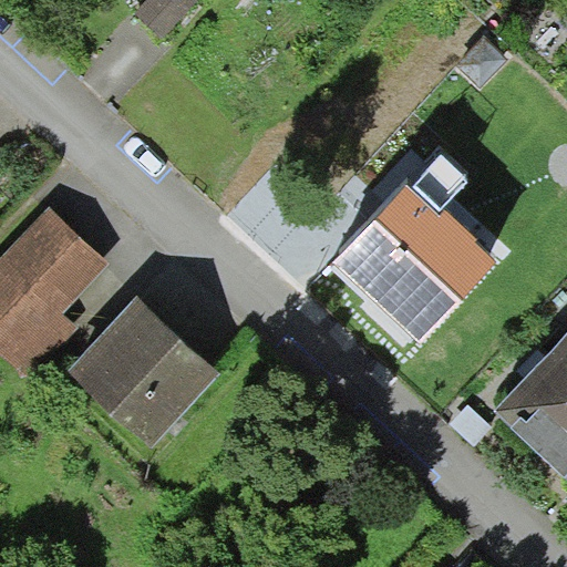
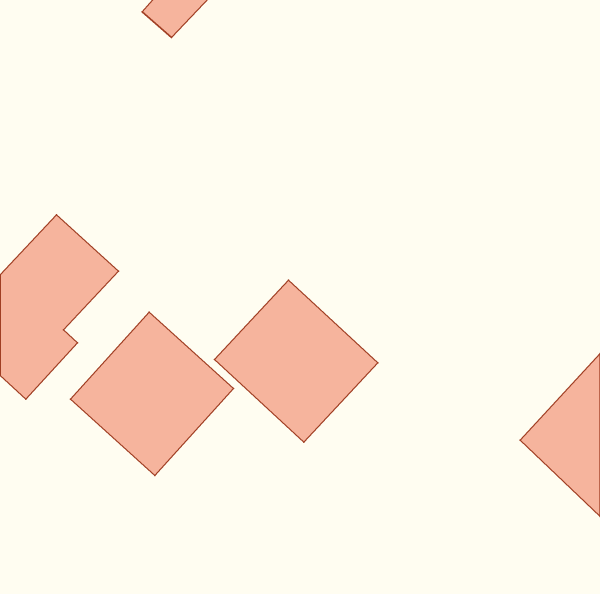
building: [338,182,494,338] -> none
building: none -> [215,280,378,442]

